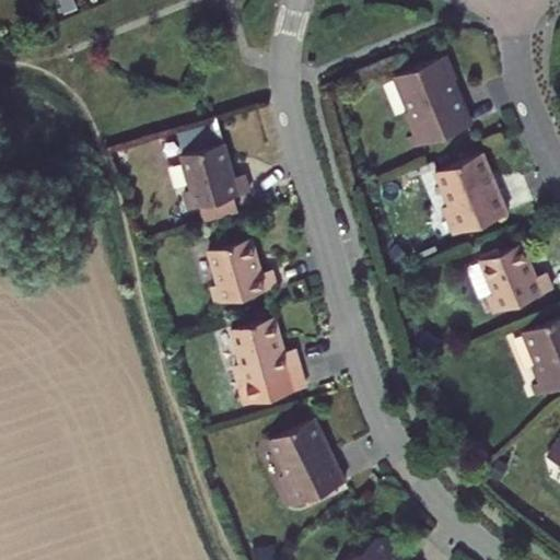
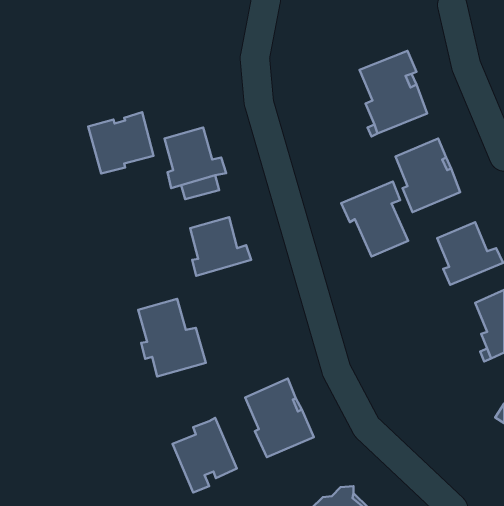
building: none -> [88,112,154,173]
building: none -> [341,181,408,256]
building: [231,318,305,404] -> [138,299,206,377]
building: none -> [172,418,237,492]

